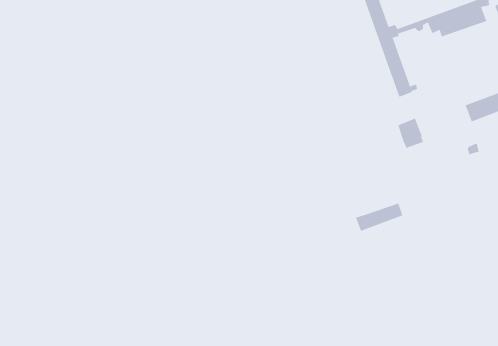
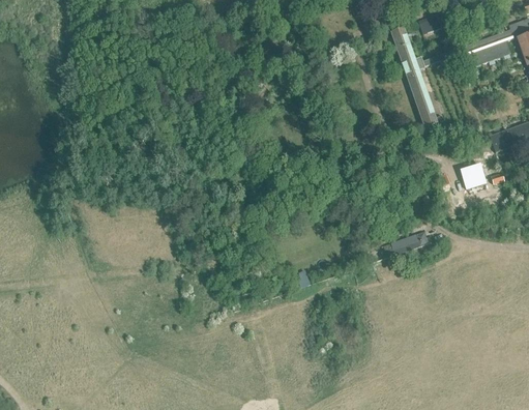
building: [397,118,424,149] -> [462,164,488,194]

